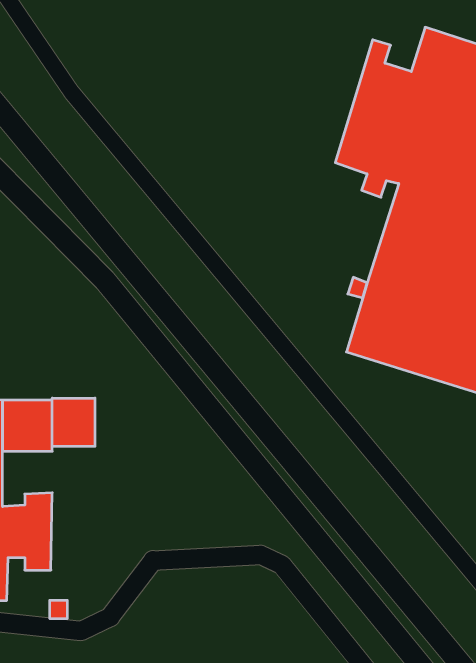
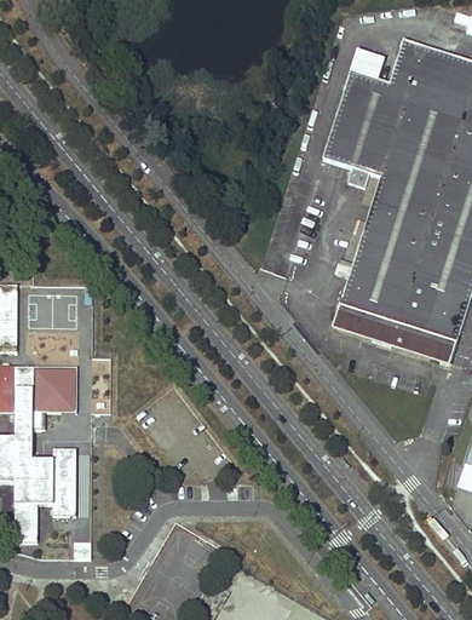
building: [52,398,95,446] -> none

